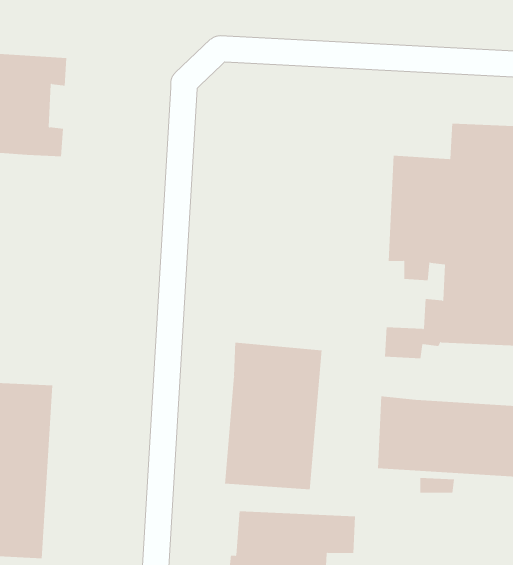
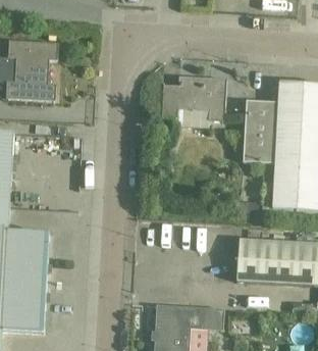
building: none -> [162,74,227,119]
building: [225,342,322,490] -> none

